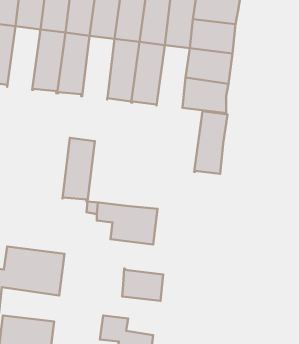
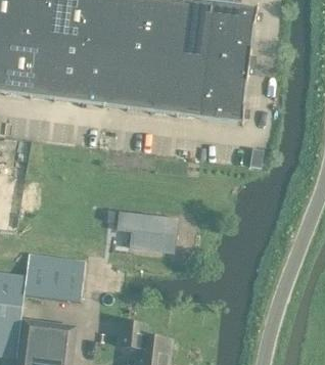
building: none -> [28,37,60,99]
building: [194,111,227,174] -> [174,55,206,117]
building: [62,138,95,202] -> [101,46,133,108]
building: [122,269,163,301] -> none

